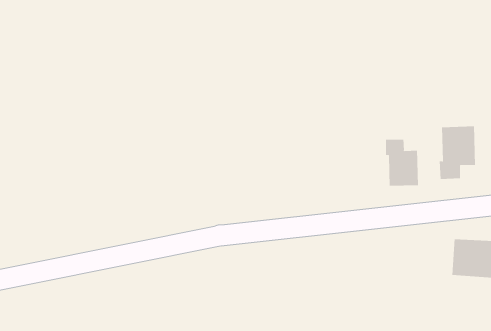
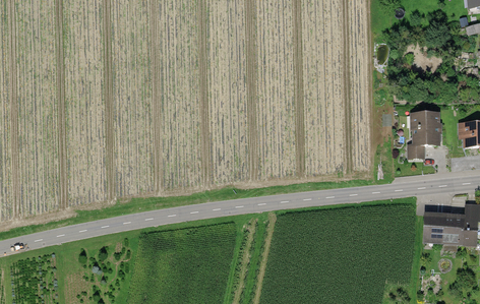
building: [385,139,419,186] -> none

